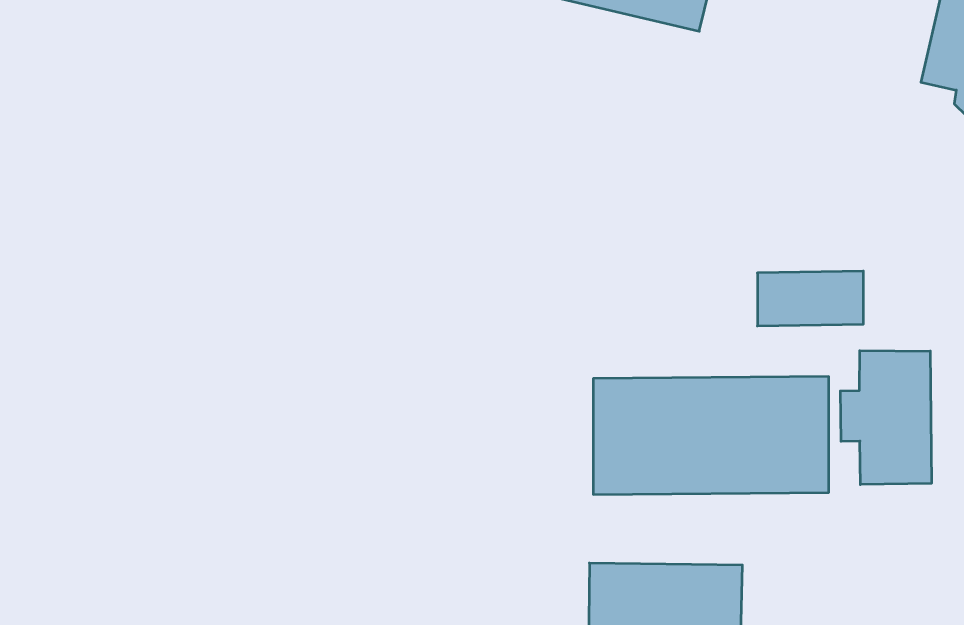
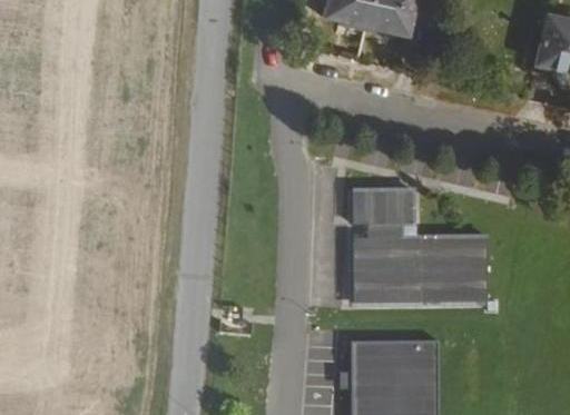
building: [757,271,863,326] -> [353,191,413,223]
building: [840,351,931,485] -> none

